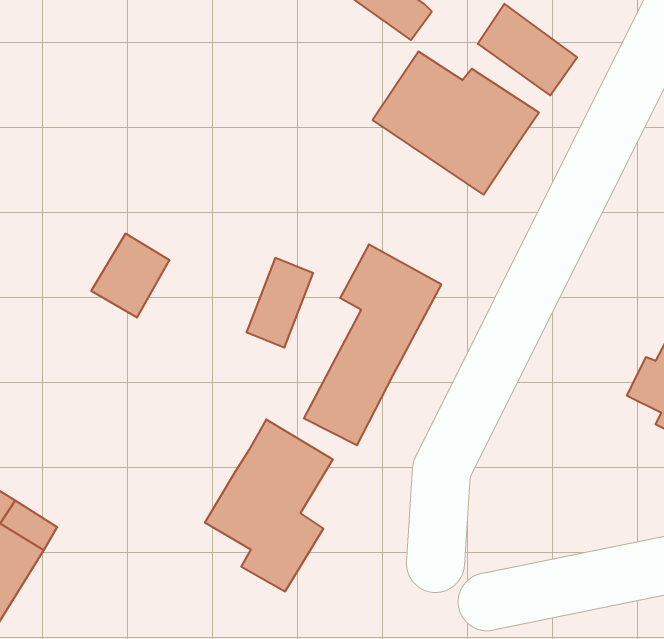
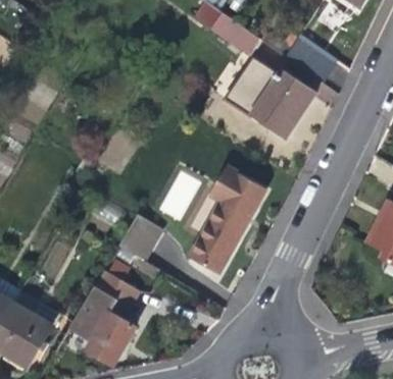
building: [91,234,170,318] -> [118,214,160,259]
building: [205,419,333,591] -> [70,271,139,363]

